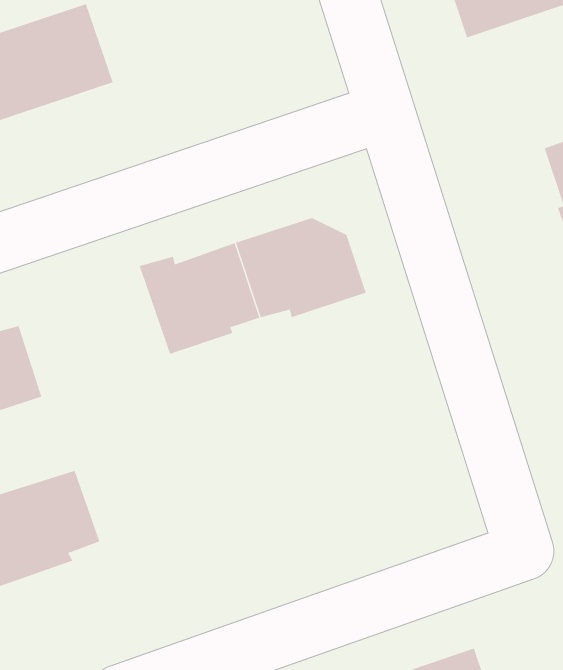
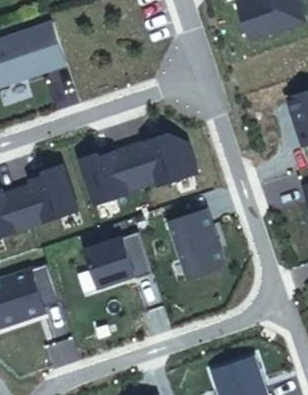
building: none -> [17,165,77,227]
building: none -> [168,210,223,279]
building: none -> [86,233,152,287]

